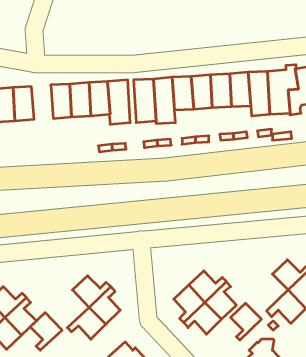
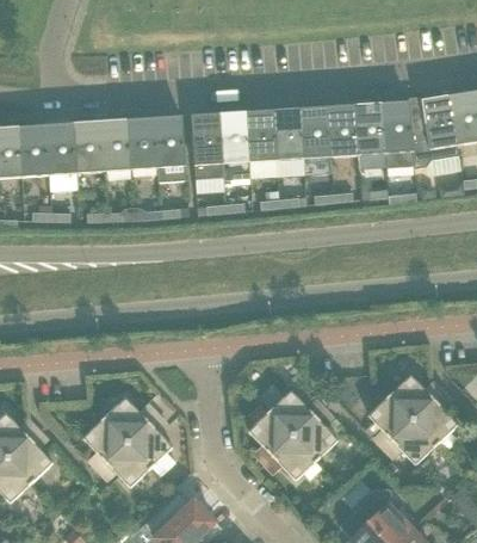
building: none -> [47,123,78,172]
building: [231,303,261,340] -> [368,393,413,445]
building: [30,313,62,350] -> [83,415,129,469]

